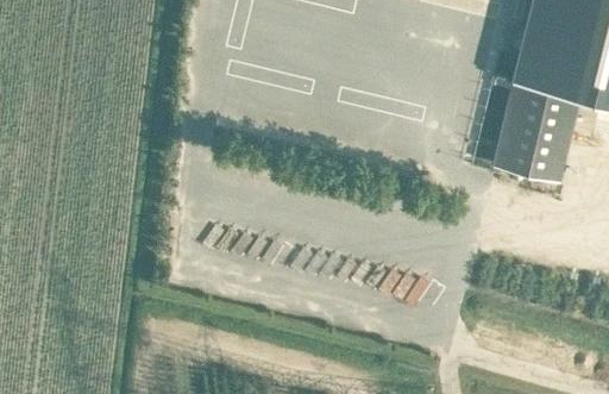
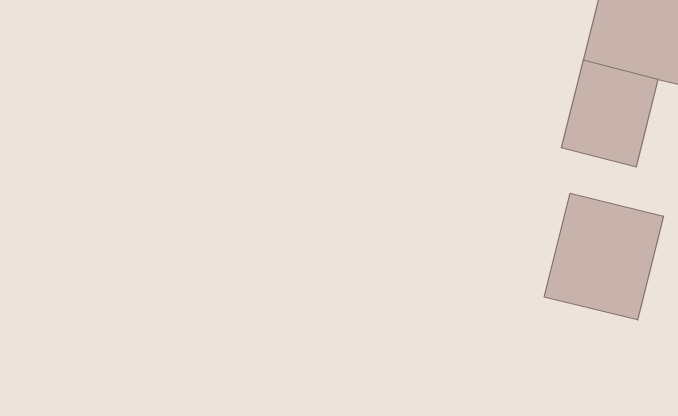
building: none -> [544,193,663,320]

